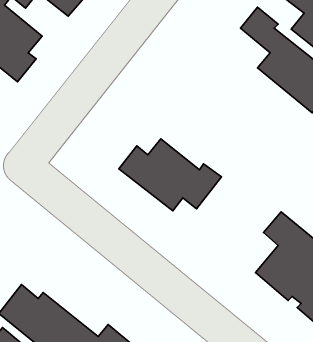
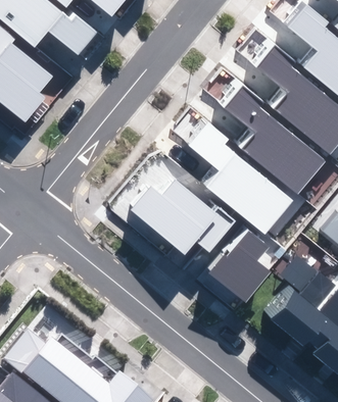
building: none -> [223,86,324,194]
building: none -> [187,120,292,233]
building: none -> [208,230,271,302]

